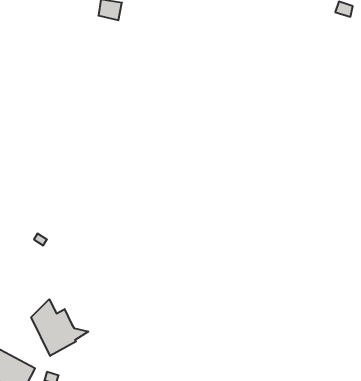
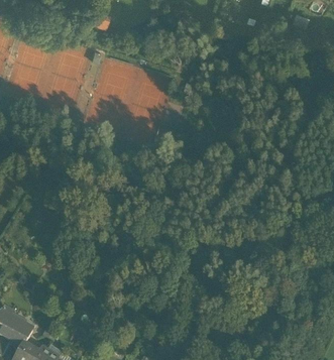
building: [31,299,88,356] -> none

